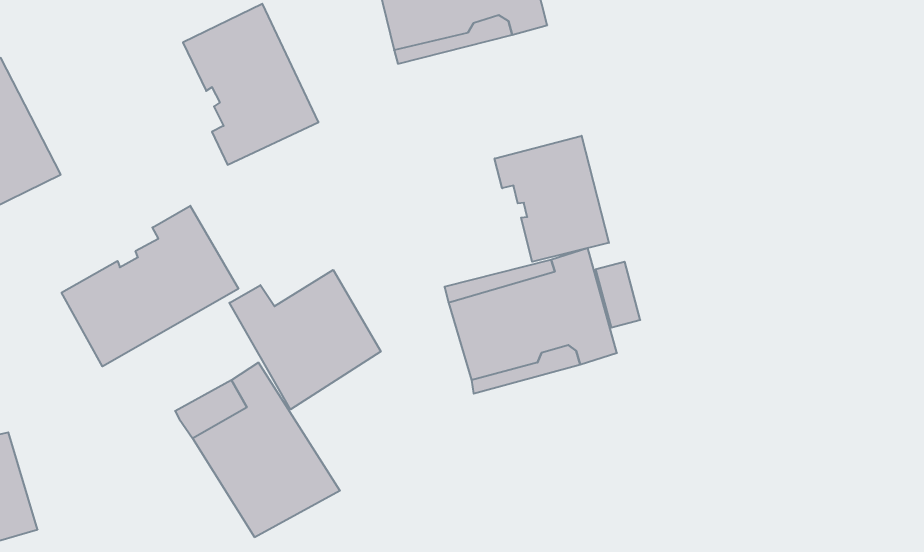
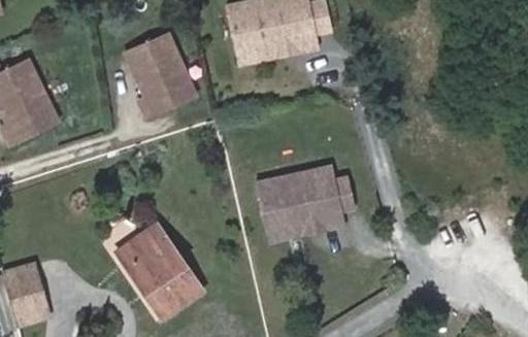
building: [495,136,609,262] -> none
building: [62,206,238,366] -> none
building: [229,270,381,409] -> none

